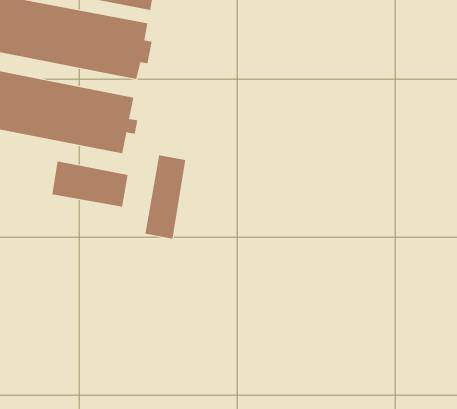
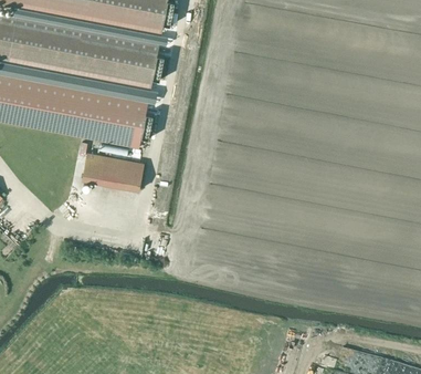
building: [145,155,186,240] -> none

